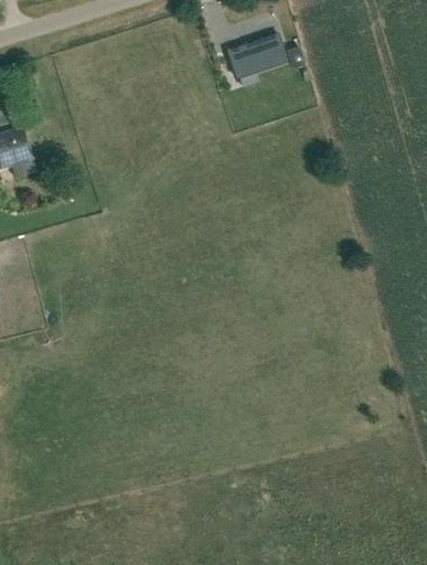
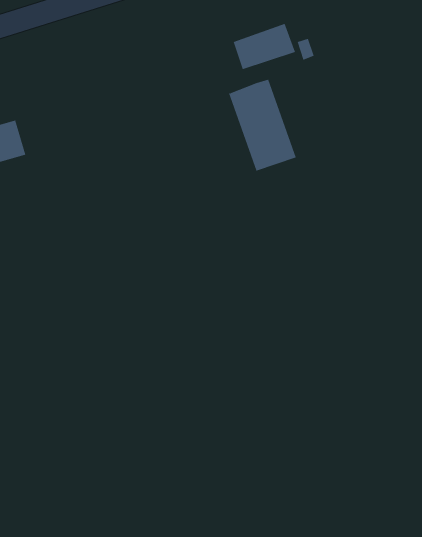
building: none -> [228,79,297,171]

